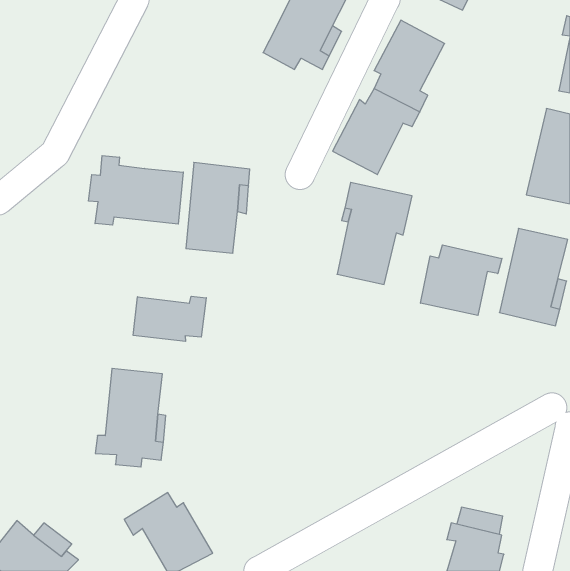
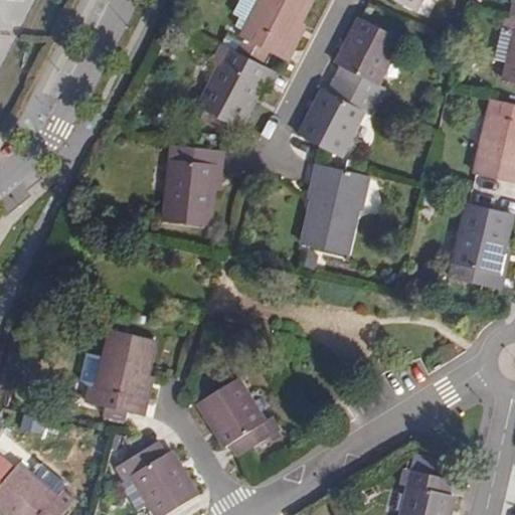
building: none -> [198,44,264,131]
building: [89,156,183,225] -> none
building: [421,245,502,315] -> none
building: [133,296,206,341] -> none
building: none -> [193,377,275,454]

